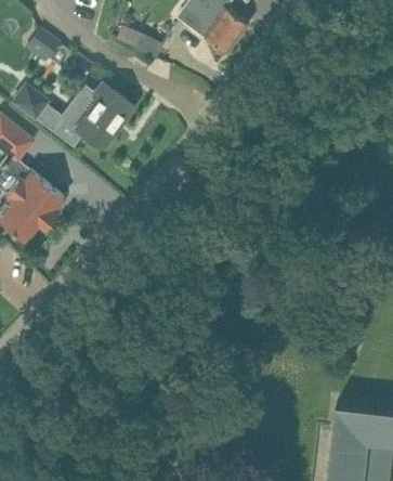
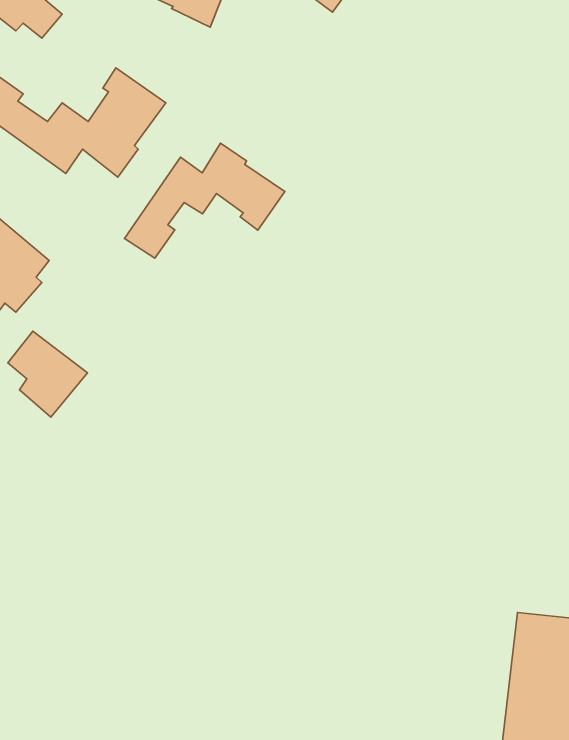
building: none -> [124,143,285,258]
building: none -> [8,331,88,417]

